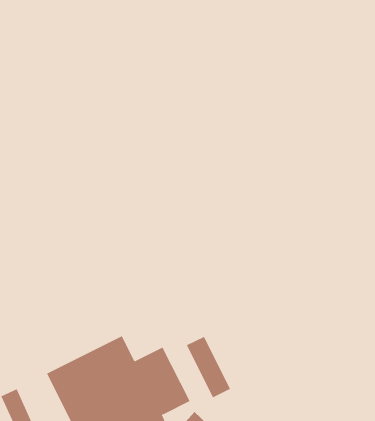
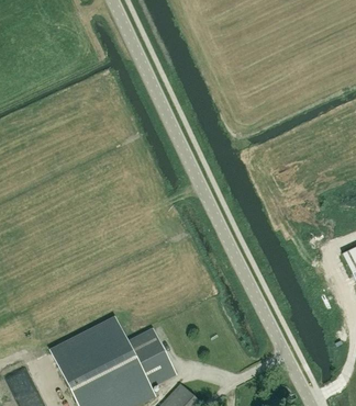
building: [186,336,231,398] -> none

